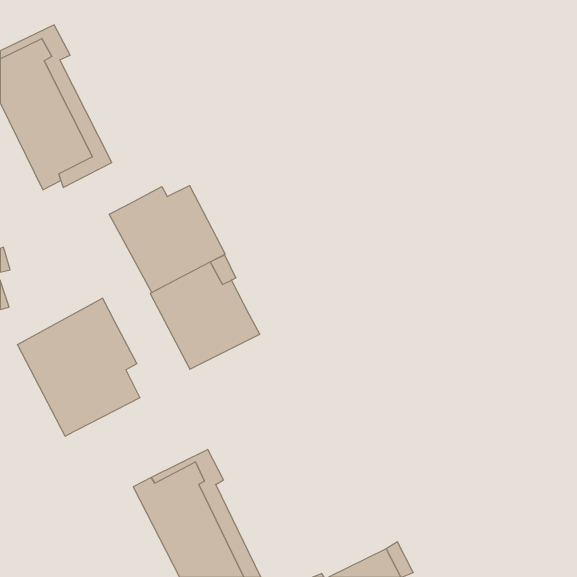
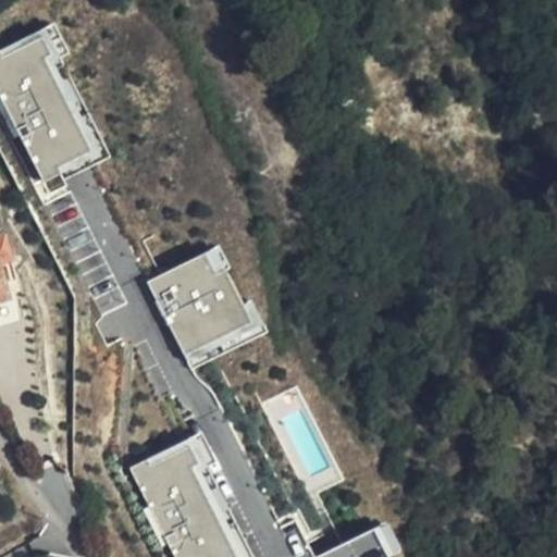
building: [109,186,225,292] -> none
building: [17,298,140,436] -> none
building: none -> [183,300,265,370]

